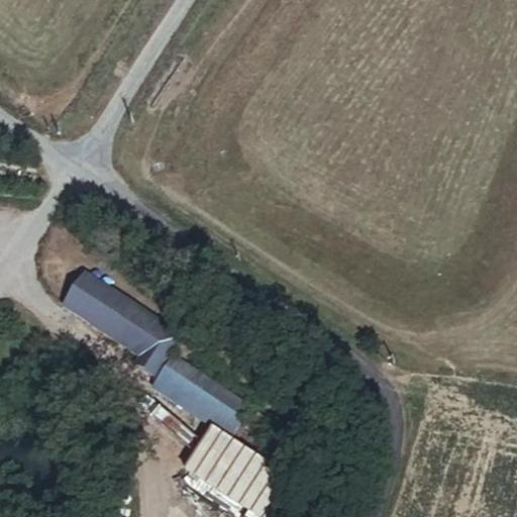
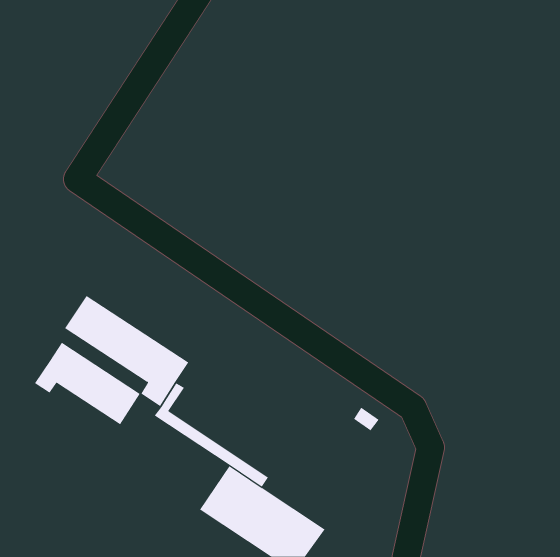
building: none -> [34,342,141,425]
building: [154,354,260,436] -> none

